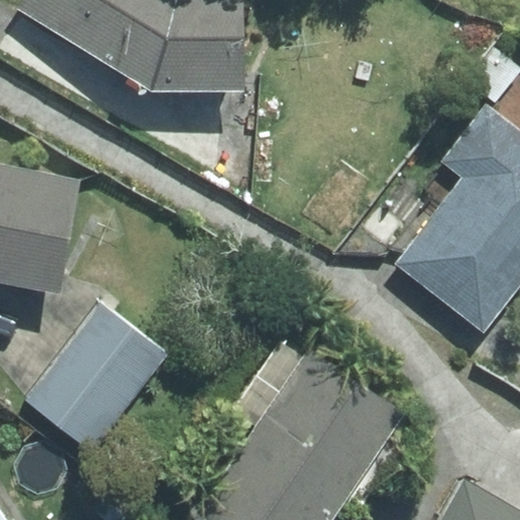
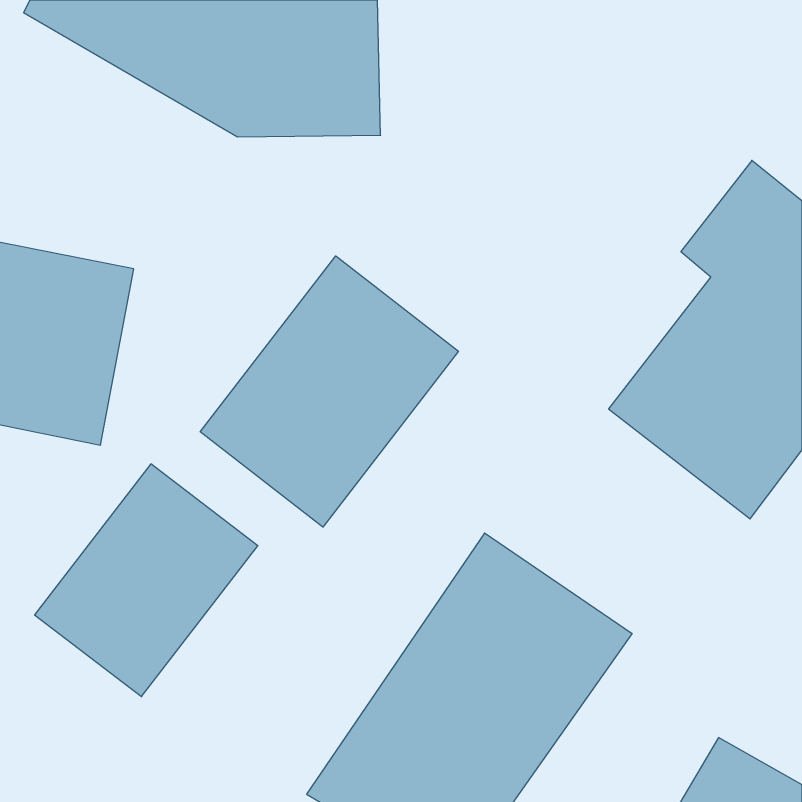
building: none -> [200,256,458,527]

